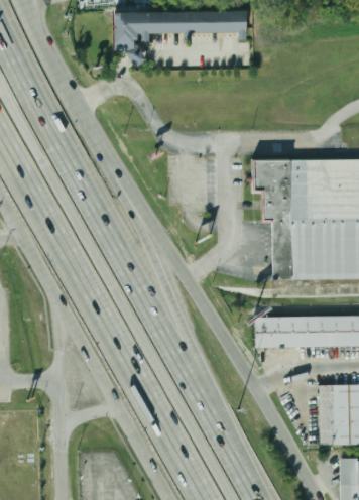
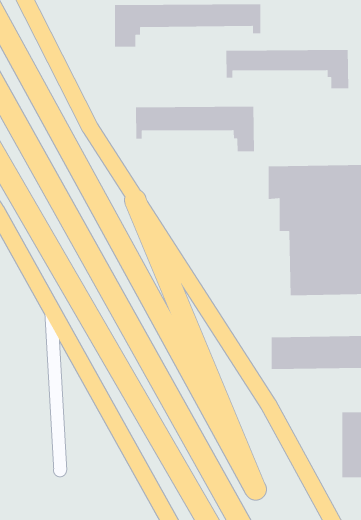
building: none -> [225,49,349,89]
building: none -> [135,106,255,152]

